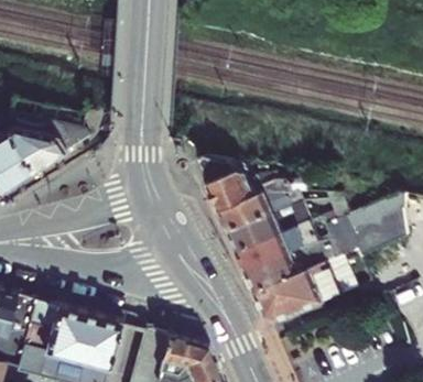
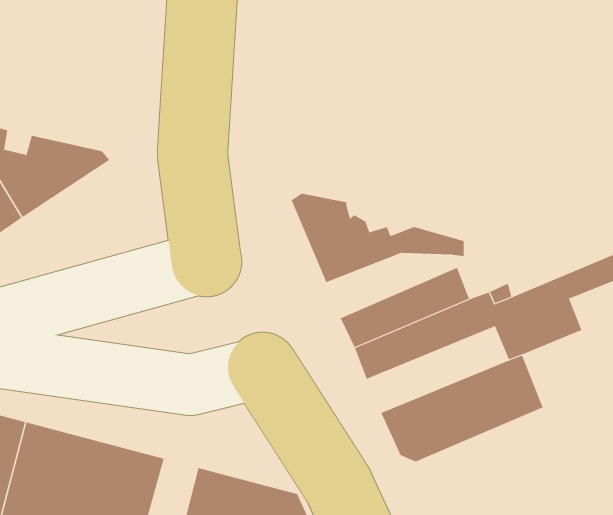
building: [223,194,305,234] -> none
building: [248,240,337,294] -> none

